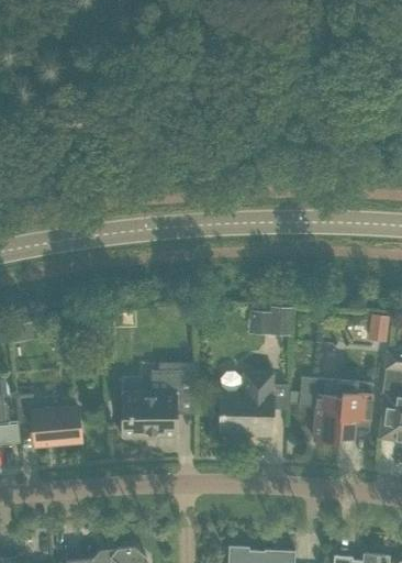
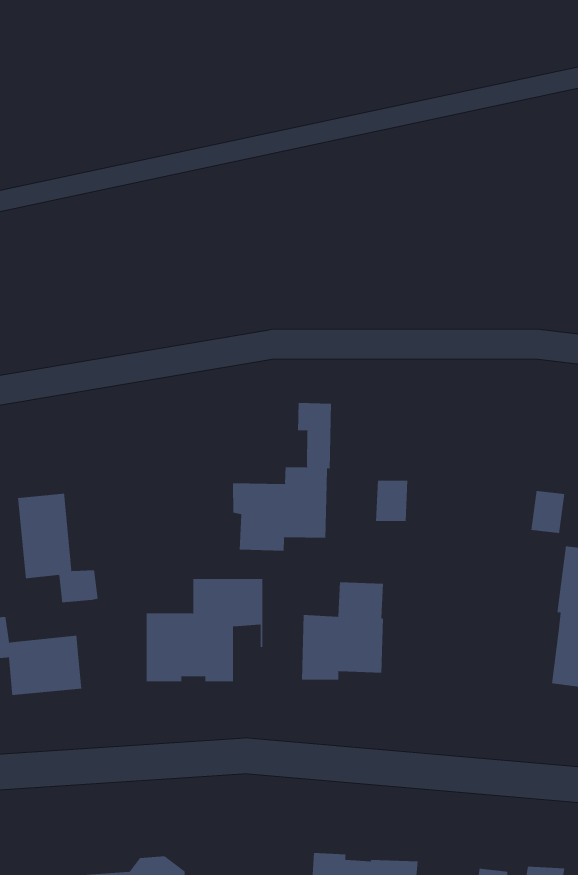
building: none -> [233,402,332,552]
building: none -> [18,493,98,603]
building: [302,377,372,443] -> none

